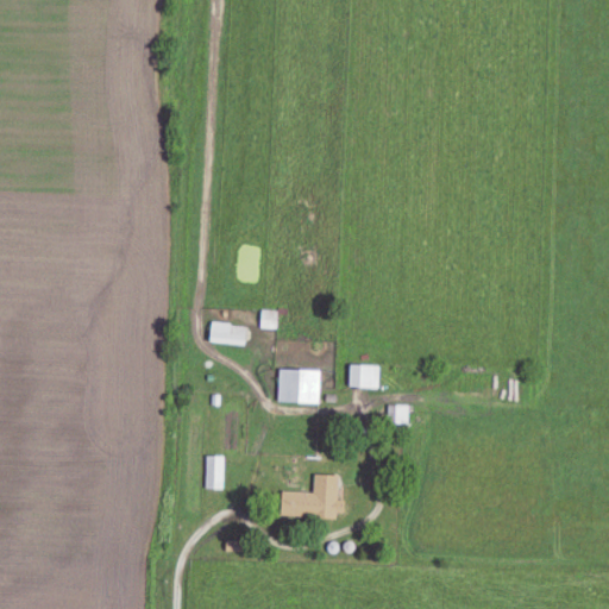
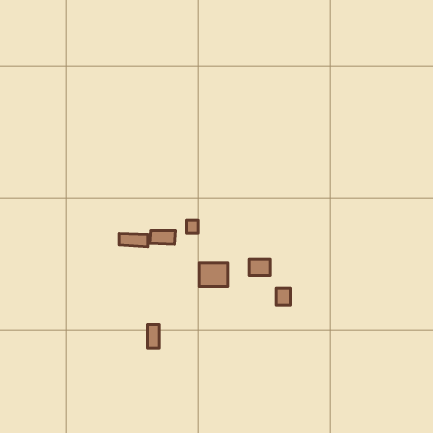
building: none -> [119,233,148,247]
building: [280,473,341,519] -> none

